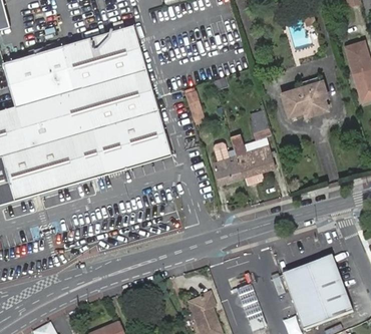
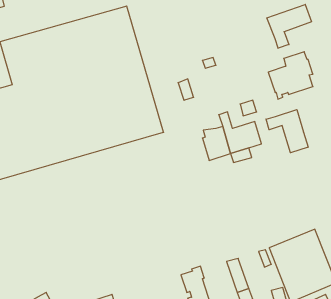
building: none -> [267,4,312,48]
building: none -> [266,110,308,153]

